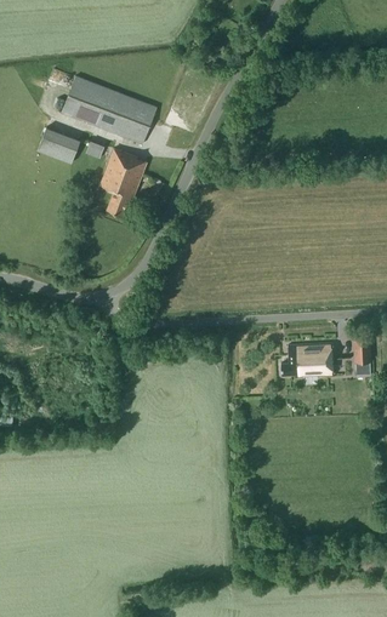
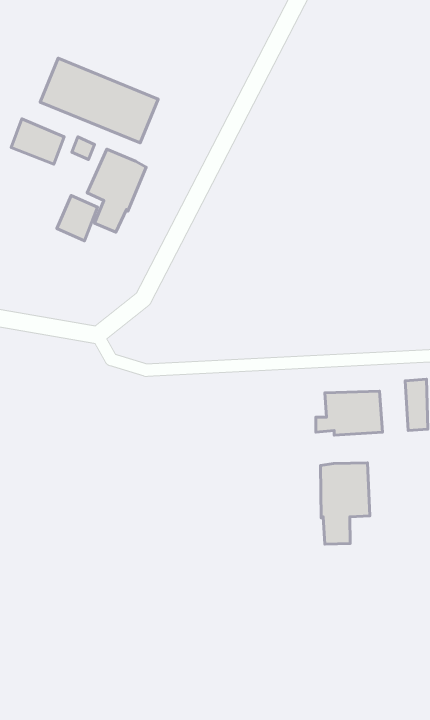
building: none -> [57,196,98,241]
building: none -> [320,463,370,544]

